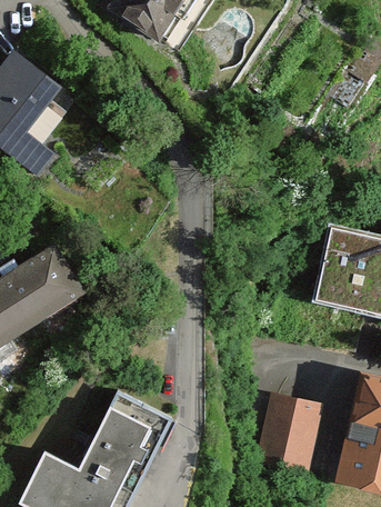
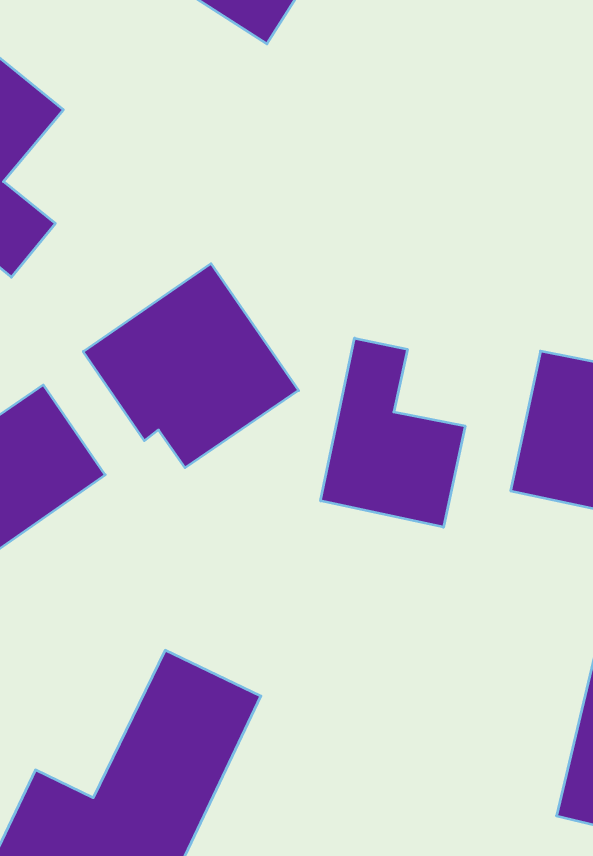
building: none -> [83,264,299,468]
building: none -> [321,338,465,527]
building: [254,392,321,479] -> none

